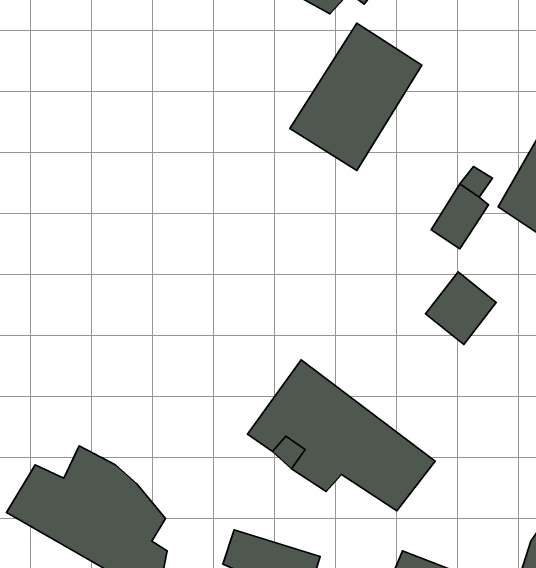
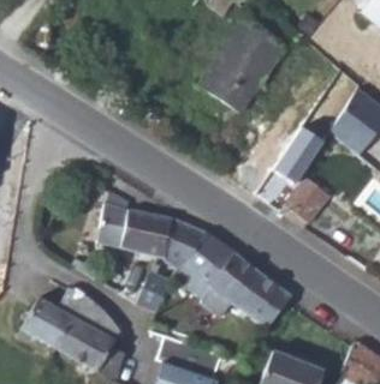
building: none -> [97,199,207,313]

